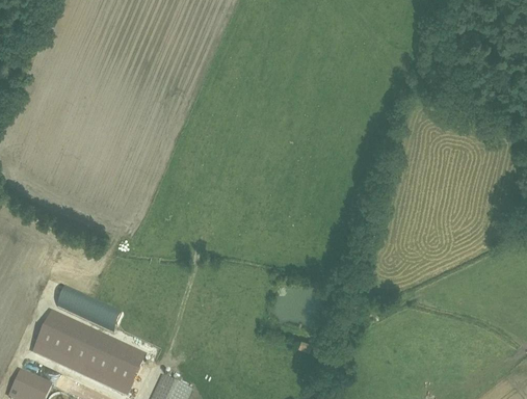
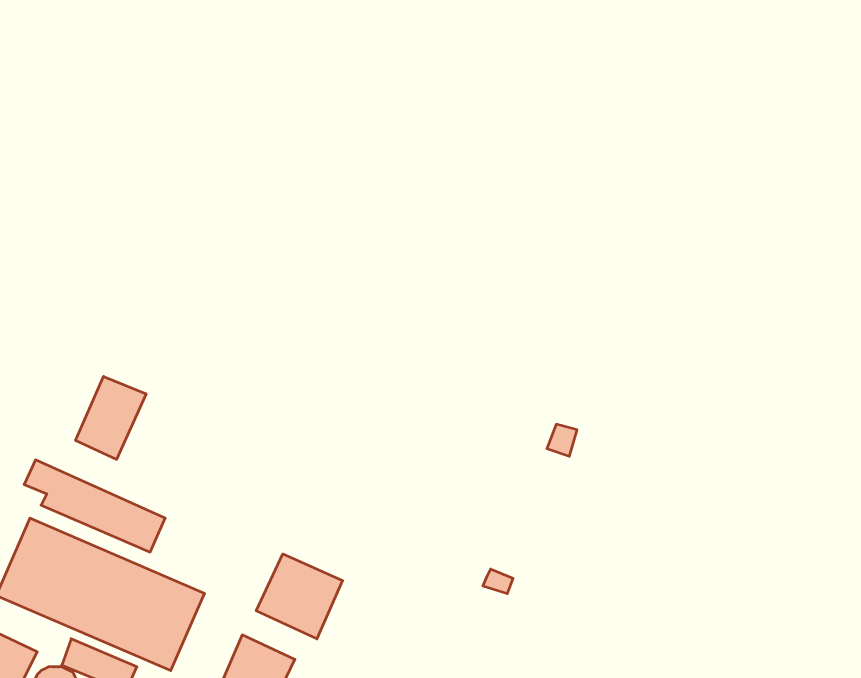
building: none -> [76,376,146,459]
building: none -> [256,554,343,639]

